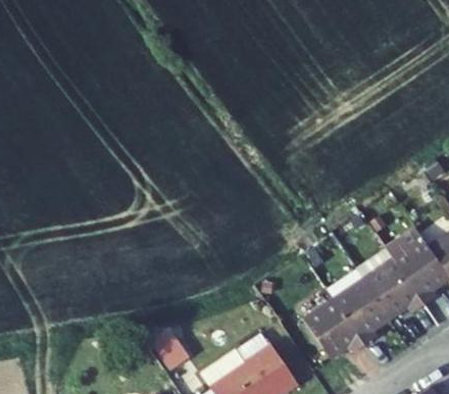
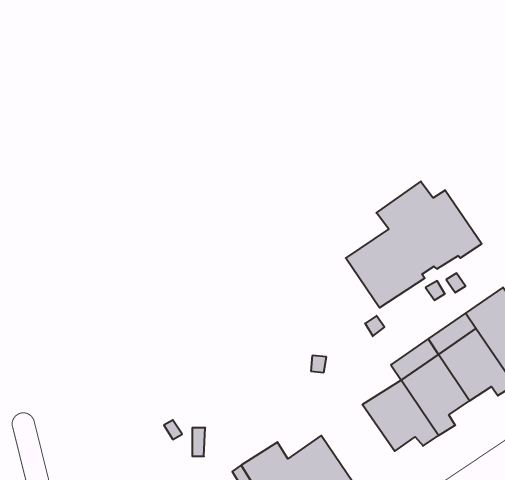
building: none -> [346,181,482,308]

